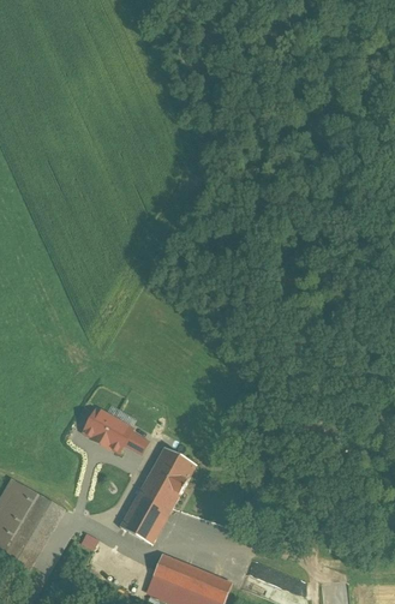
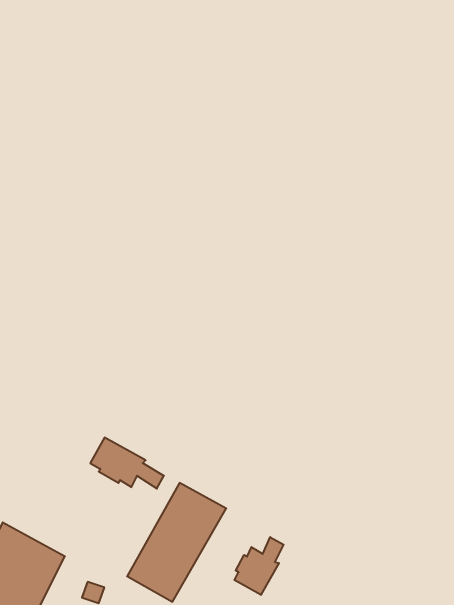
building: none -> [234,537,284,595]

